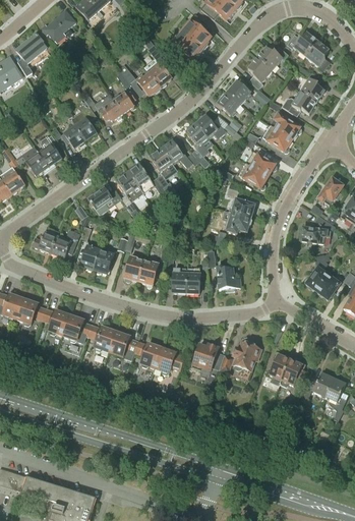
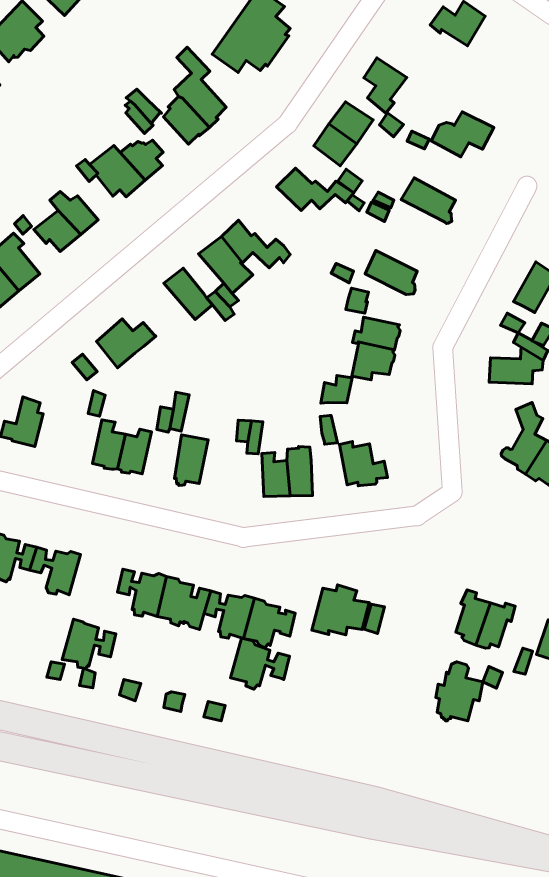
building: [305,41,329,71] -> none
building: [255,46,287,70] -> none
building: [299,71,323,102] -> none
building: [270,113,300,139] -> none
building: [185,123,209,167] -> none
building: [245,151,276,176] -> none
building: [115,170,143,212] -> none
building: [50,229,79,258] -> none
building: [137,257,159,287] -> none
building: [61,313,92,341] -> [62,619,116,668]
building: [233,337,259,369] -> [436,662,483,721]
building: none -> [230,638,289,689]

